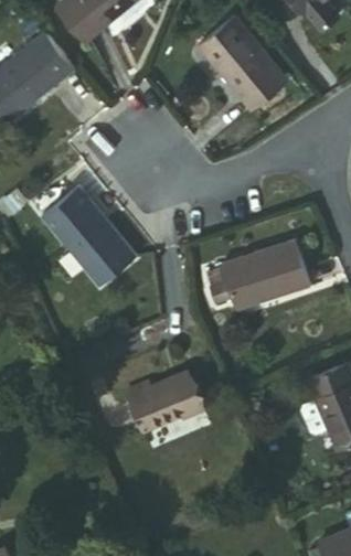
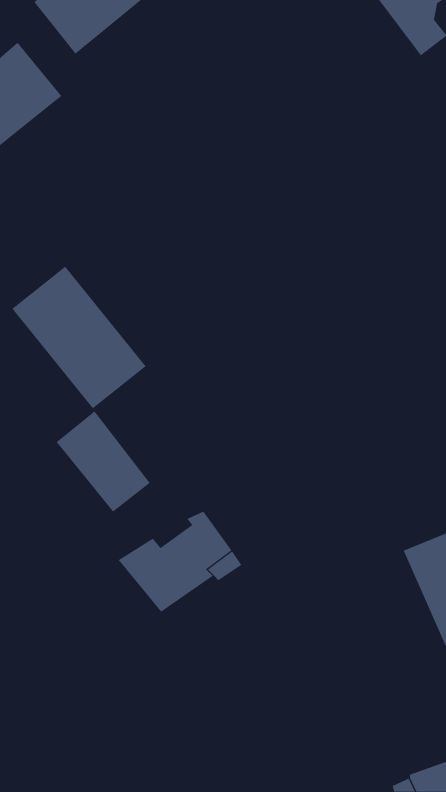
building: [201,23,295,118] -> none
building: [220,239,311,304] -> none
building: none -> [56,410,151,513]

